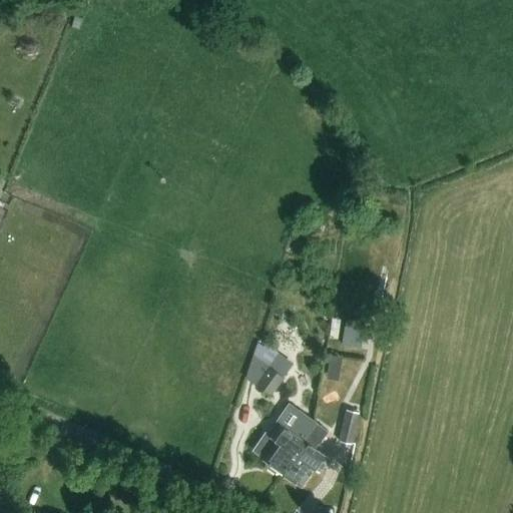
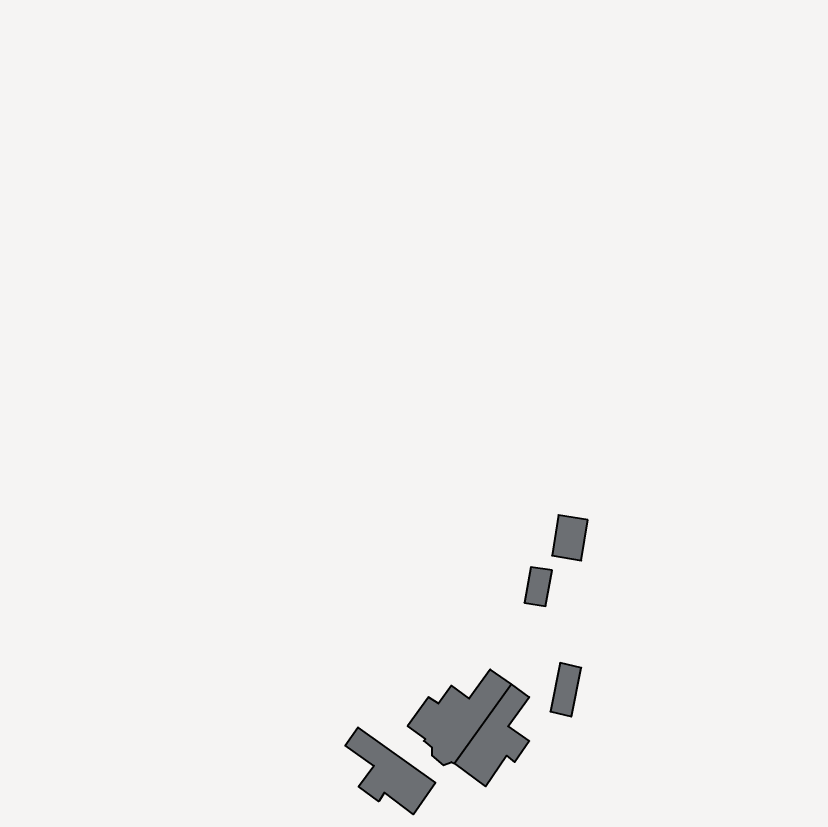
building: [246,346,292,393] -> none
building: none -> [345,727,435,814]

